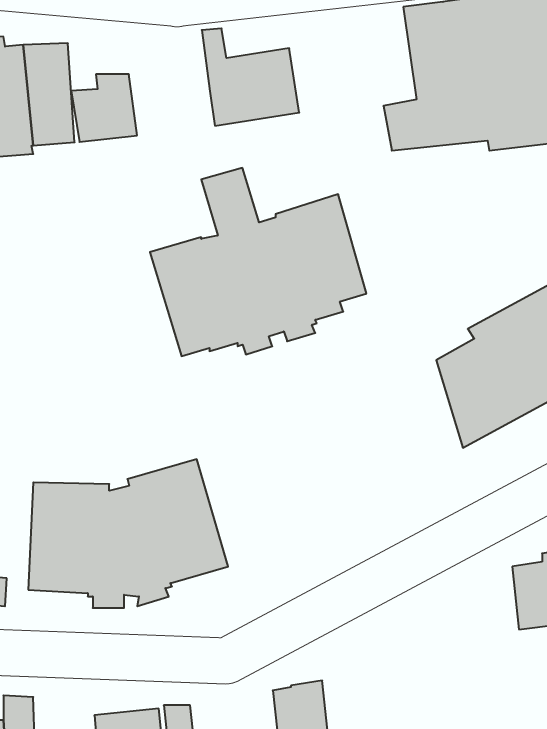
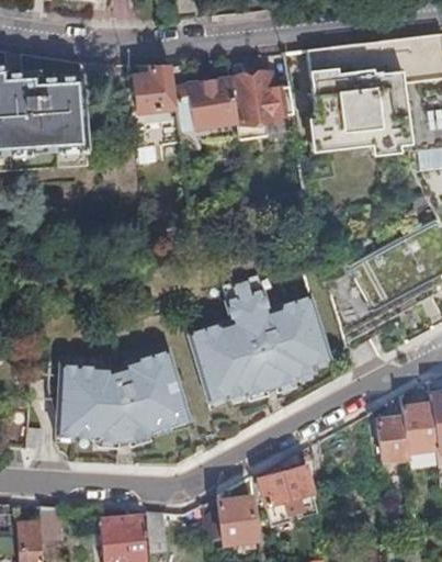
building: none -> [229,71,292,124]
building: [71,74,137,142] -> [133,65,177,110]
building: [150,168,366,356] -> [186,278,330,403]
building: none -> [258,467,311,507]

